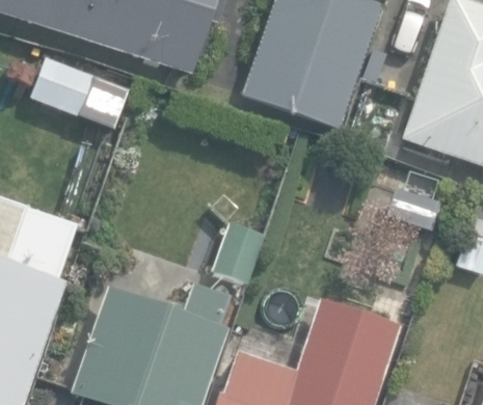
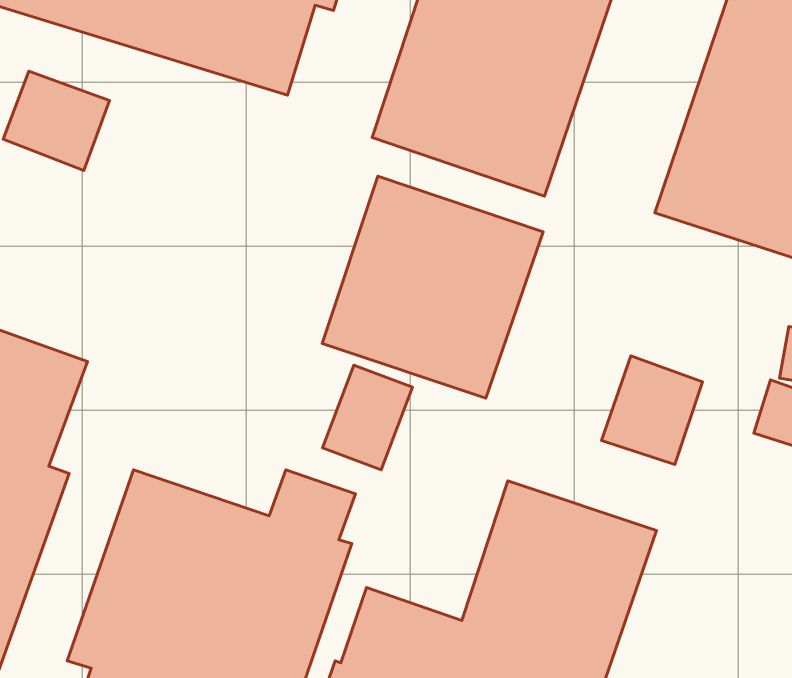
building: none -> [322,176,543,398]

